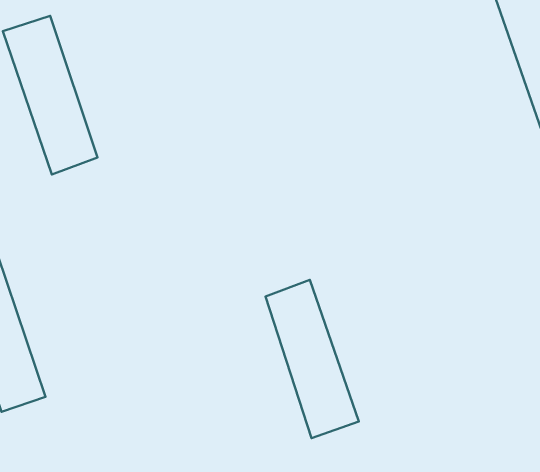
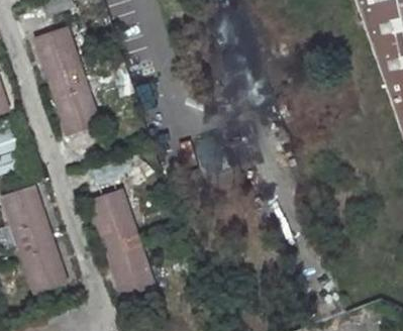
building: [266,280,359,438] -> [91,191,153,296]

